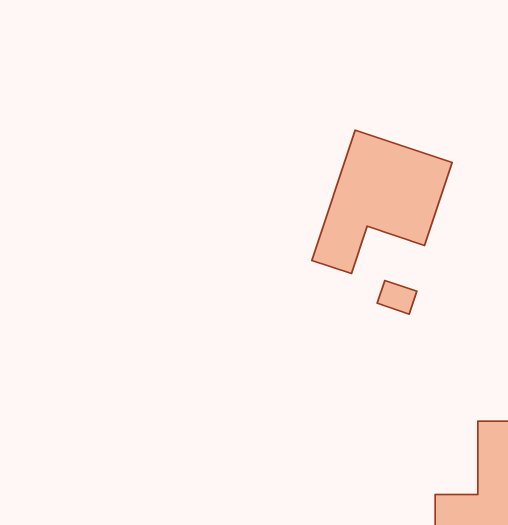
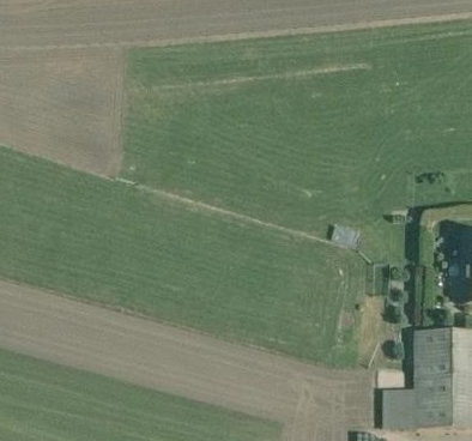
building: [312,130,452,274] -> none

